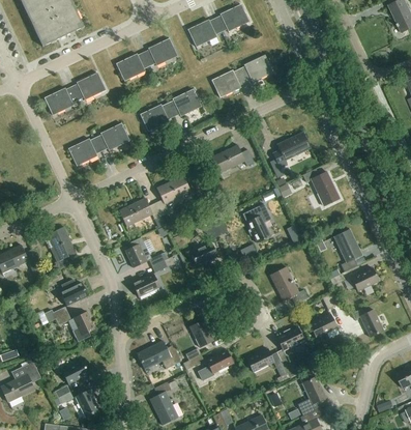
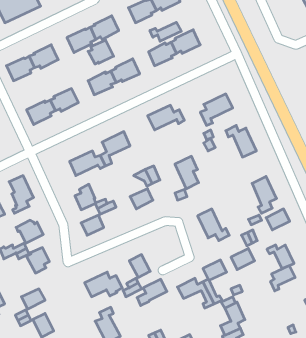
building: none -> [150,22,181,41]
building: none -> [88,40,114,64]
building: none -> [271,266,295,291]

